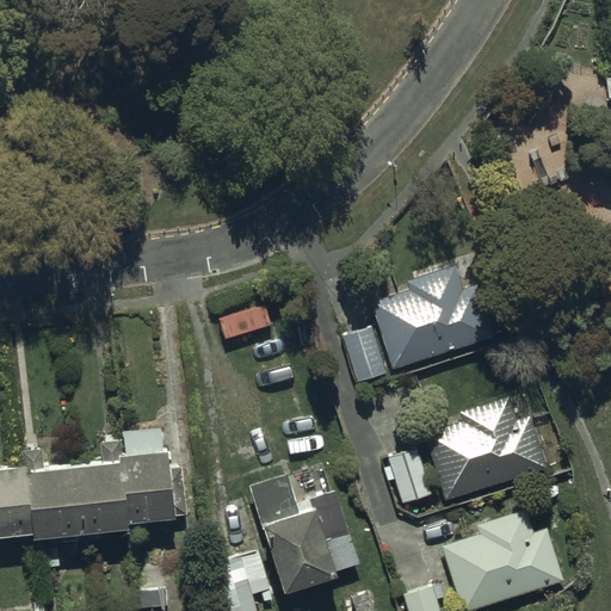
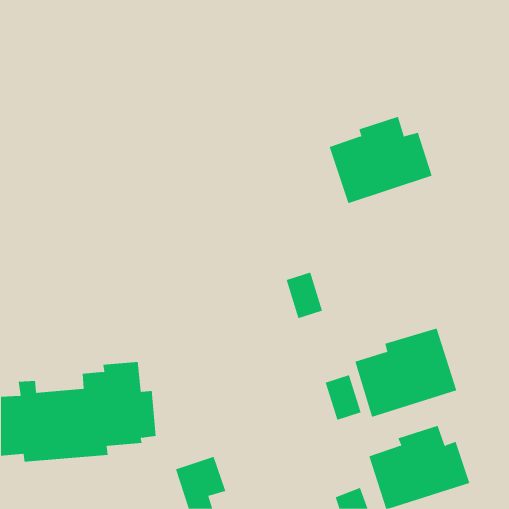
building: [371,265,495,370] -> [329,116,432,204]
building: [248,474,360,595] -> none

